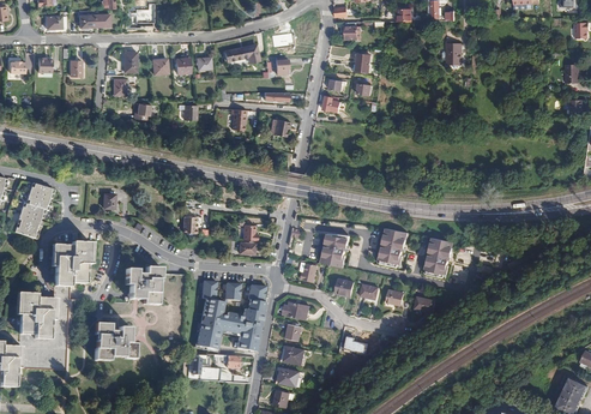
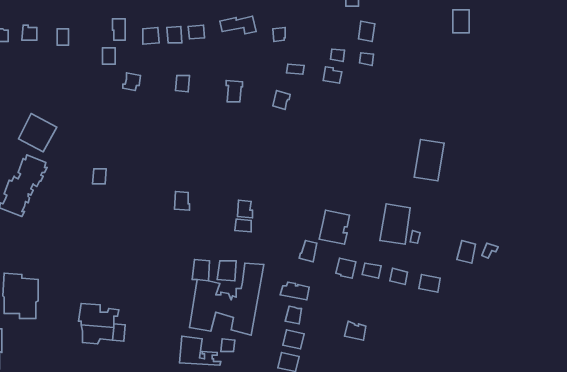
building: none -> [19,113,57,152]
building: [423,236,452,276] -> [414,139,444,181]
building: [53,245,88,287] -> none
building: [123,266,159,304] -> none

